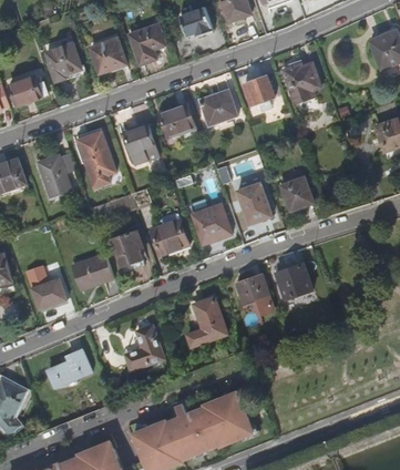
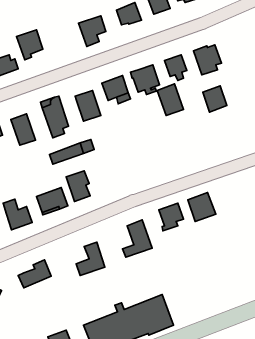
building: [90,38,125,72] -> none
building: [281,176,314,212] -> [203,86,227,112]
building: [237,182,273,224] -> [157,84,184,115]
building: [192,203,232,244] -> none
building: [151,208,187,255] -> none

